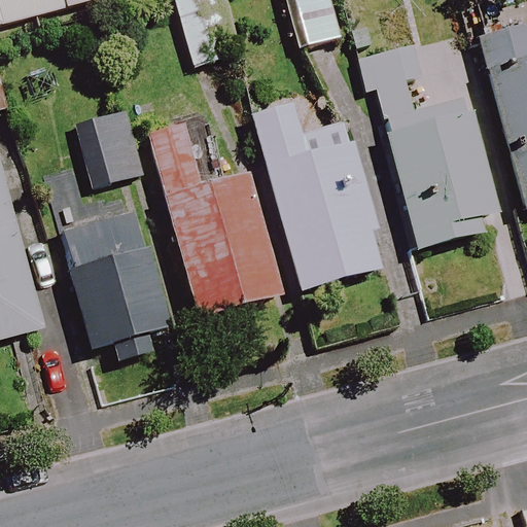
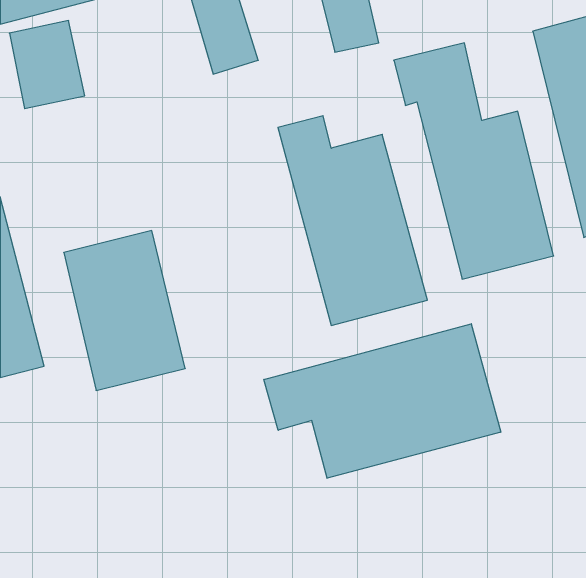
building: [77,107,144,185] -> [9,21,85,109]
building: [148,121,281,318] -> none
building: none -> [264,324,501,478]

